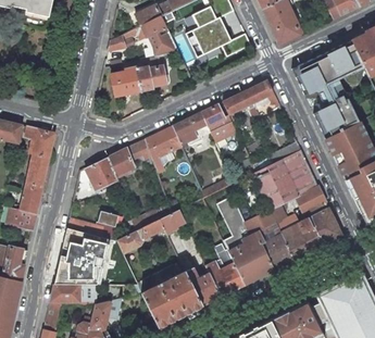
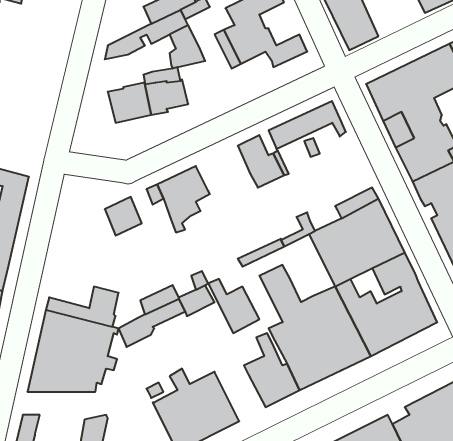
building: [173,112,211,146] -> none
building: [78,157,117,188] -> none
building: [186,267,222,305] -> [208,279,259,333]
building: [51,285,98,304] -> none

